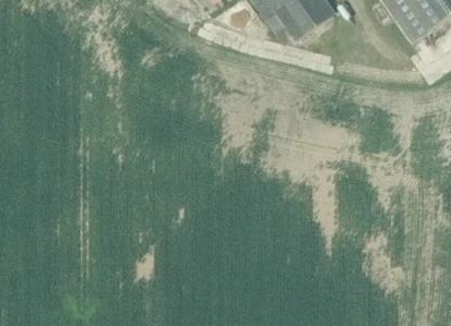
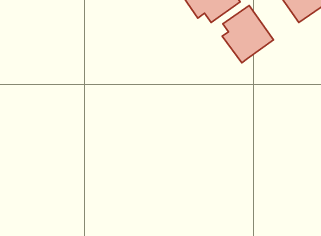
building: none -> [222,5,274,63]

